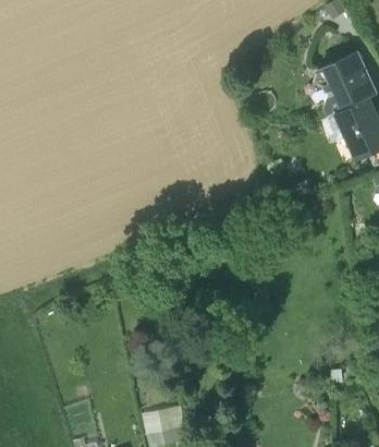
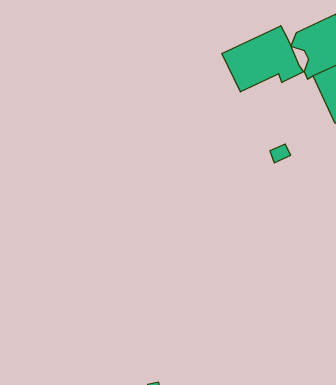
building: none -> [222,26,303,92]

